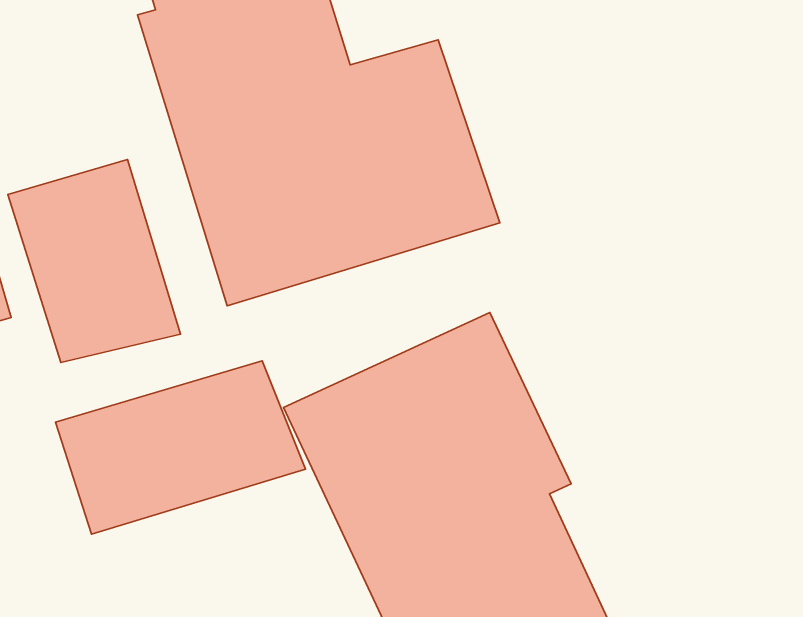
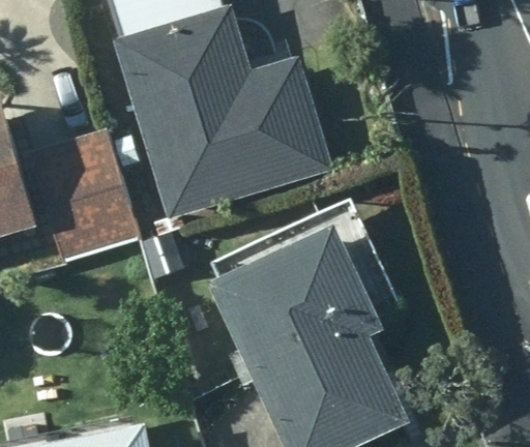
building: [55,361,305,534] -> none

